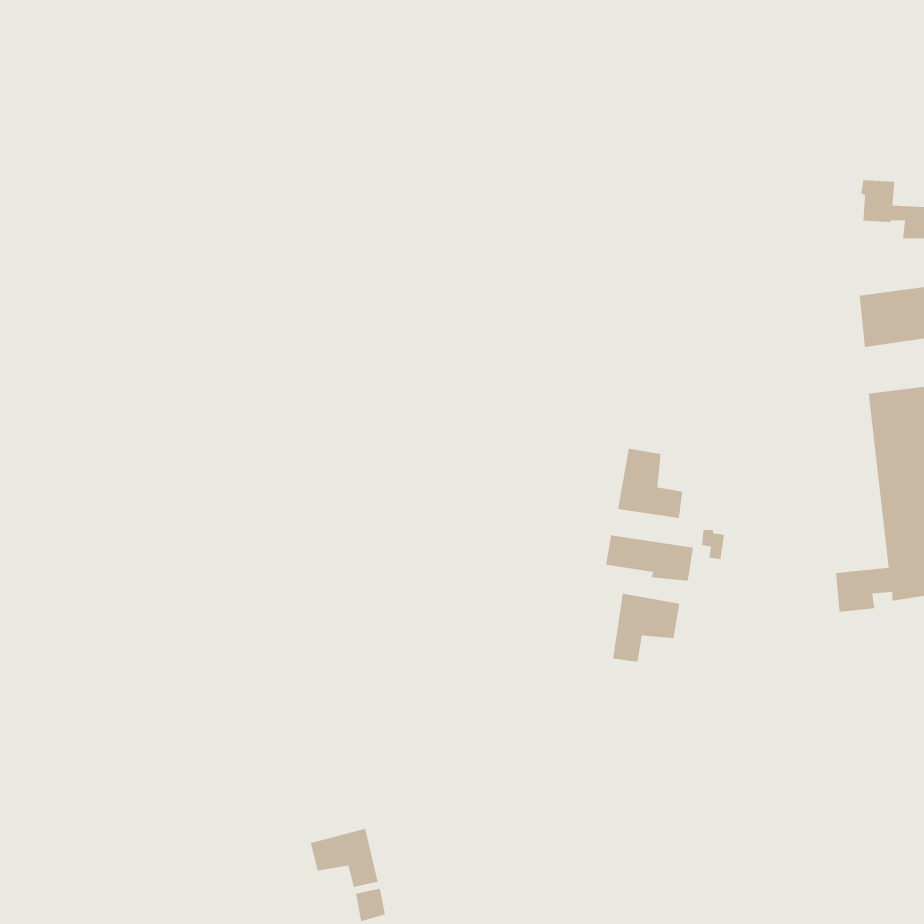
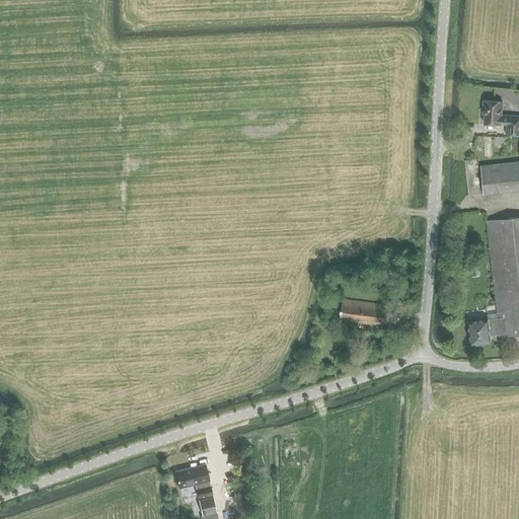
building: [617,448,683,519] -> none
building: [612,593,680,663] -> none

